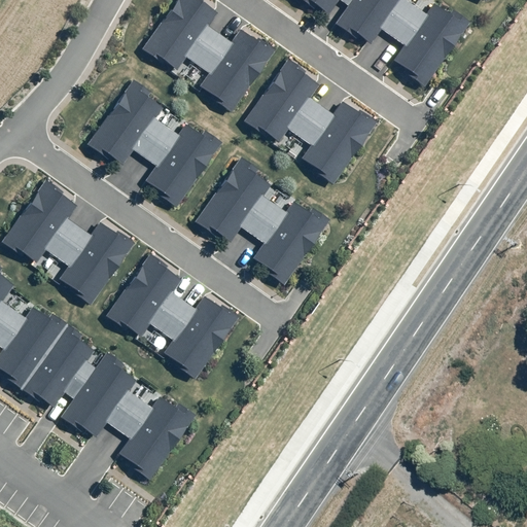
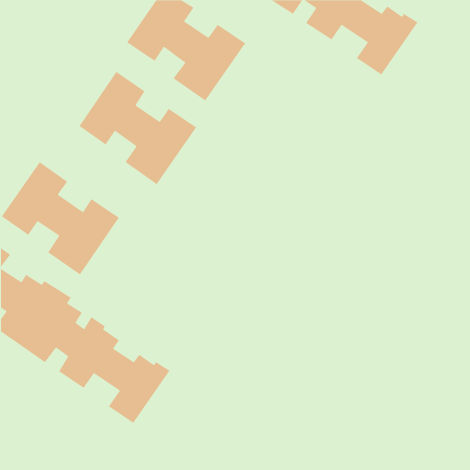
building: [244,58,377,184] -> none
building: [196,156,328,284] -> none
building: [106,253,240,381] -> none

